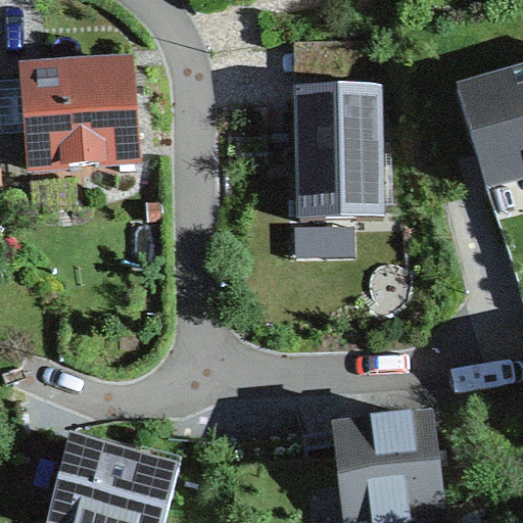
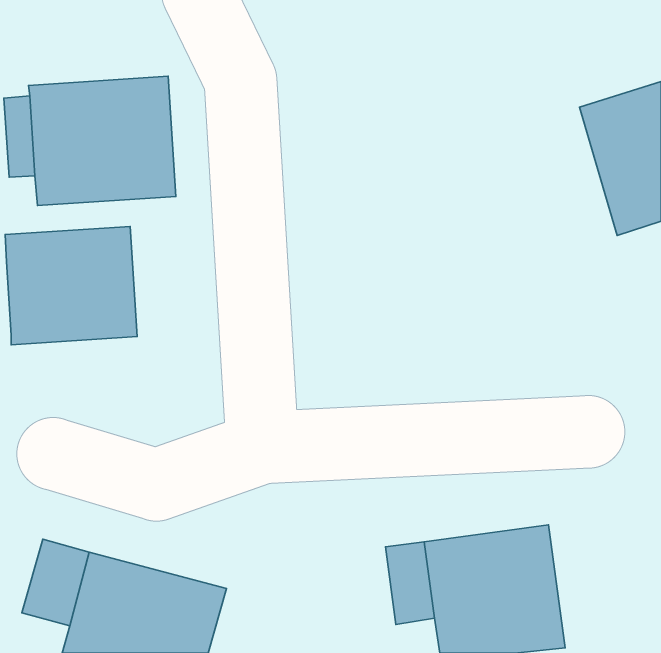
building: [302,90,387,219] -> none
building: none -> [5,227,137,345]

